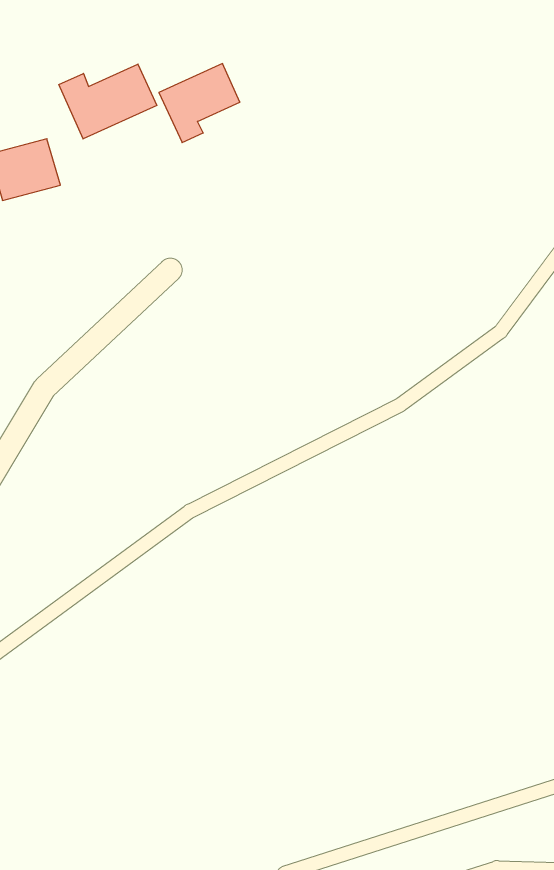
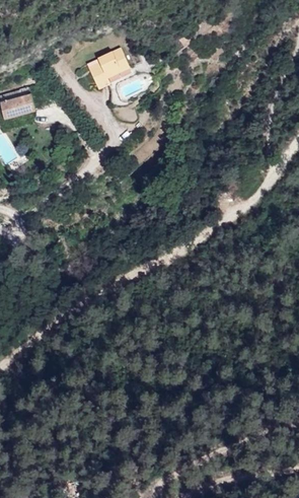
building: [59,64,157,139] -> none

